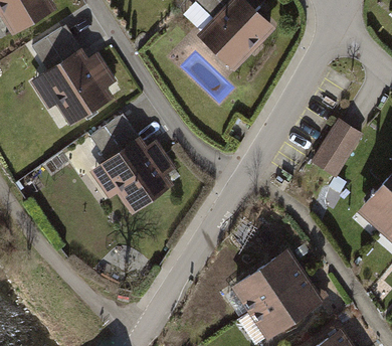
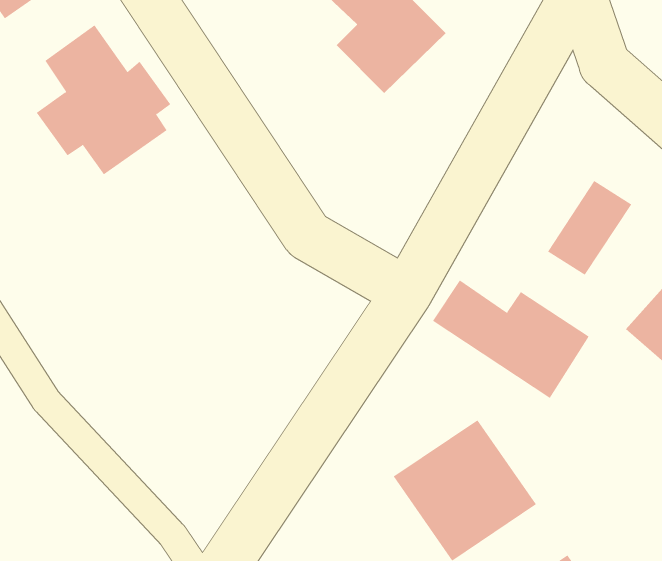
building: [89,120,168,212] -> none
building: none -> [432,280,589,399]

